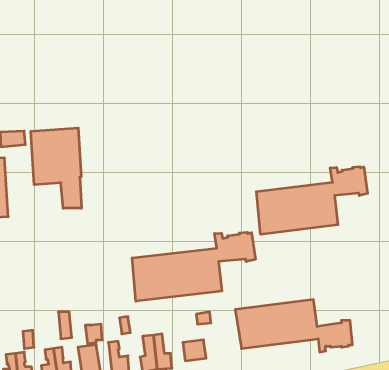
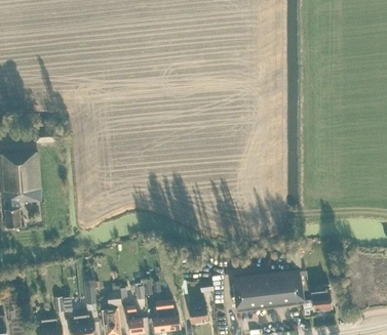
building: [31,128,81,208] -> none
building: [256,167,368,234] -> none
building: [132,232,255,301] -> none

